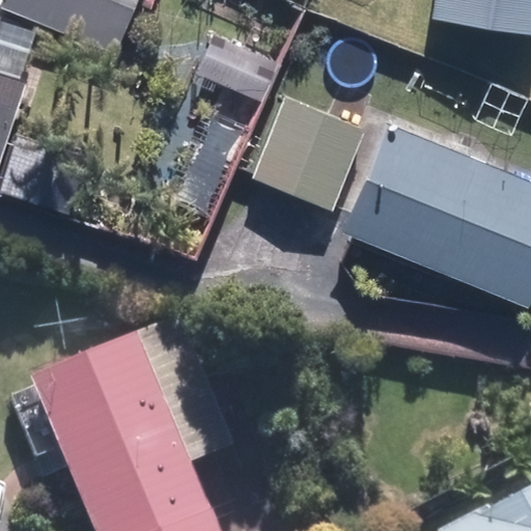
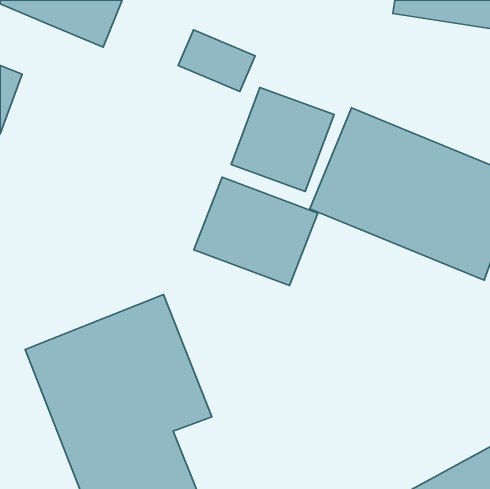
building: none -> [194,177,318,286]

